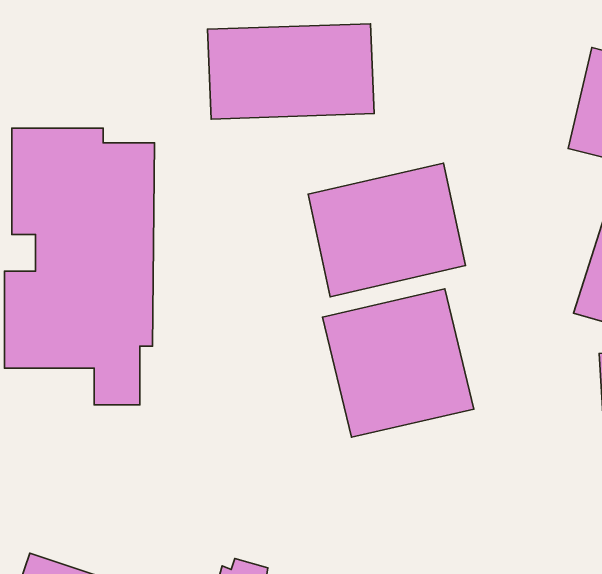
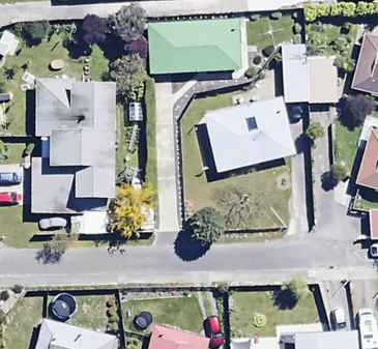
building: none -> [283,45,337,103]
building: [323,289,474,437] -> none

